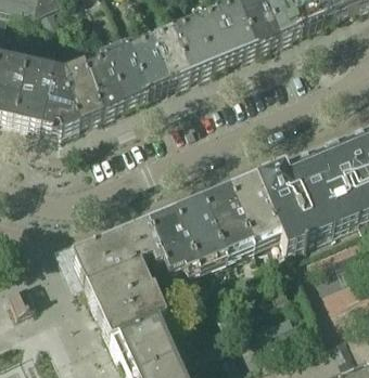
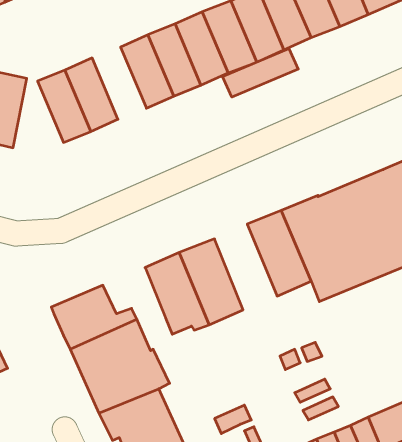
building: [107,43,151,101] -> none
building: none -> [223,48,298,97]
building: [44,68,85,128] -> none
building: [205,184,255,252] -> none
building: [116,219,166,263] -> none

